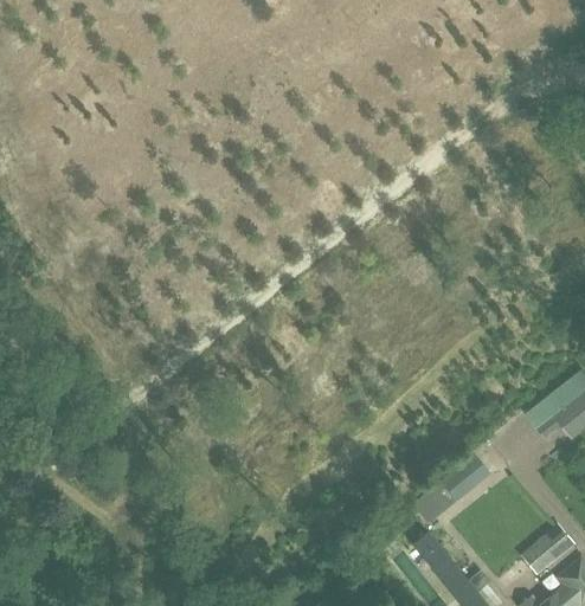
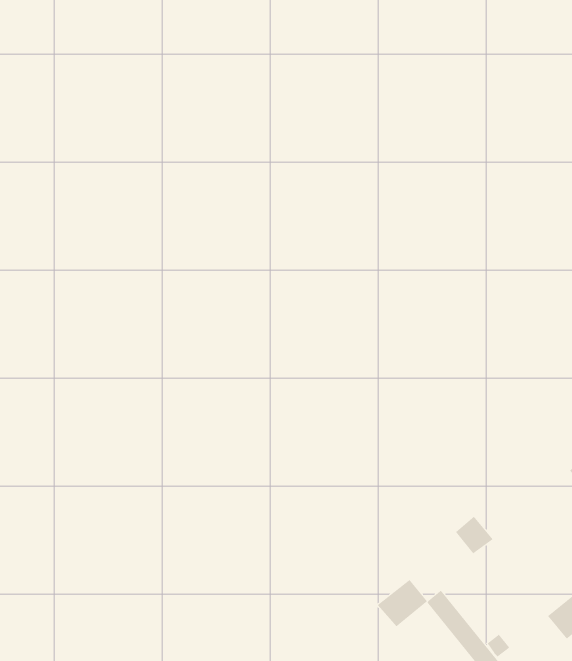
building: [412,483,456,524] -> [377,579,428,627]

